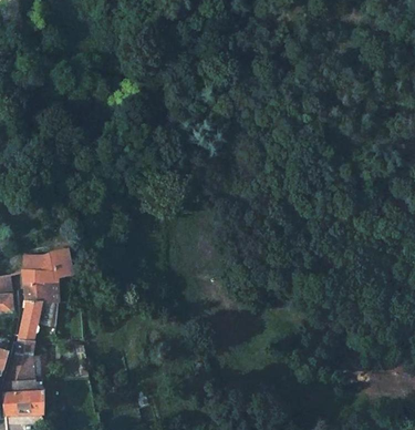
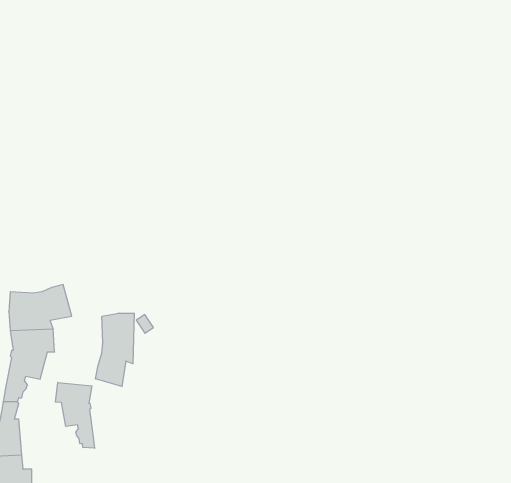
building: none -> [96,313,134,387]
building: none -> [56,382,95,448]

